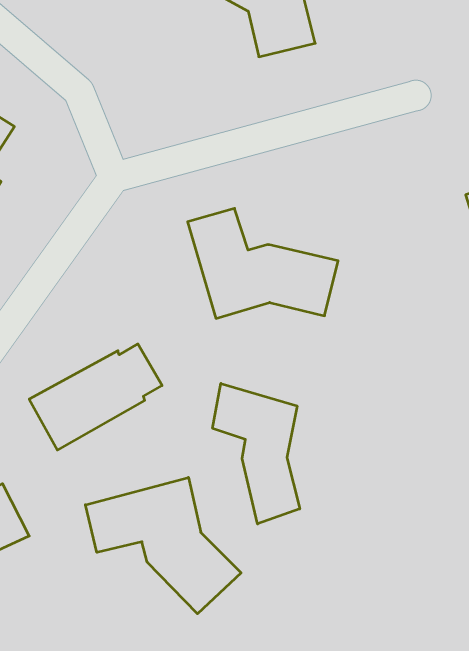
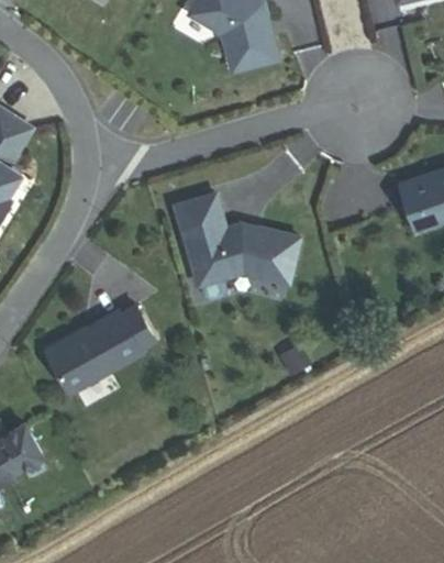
building: [213,383,300,524] -> none
building: [85,477,241,614] -> none

